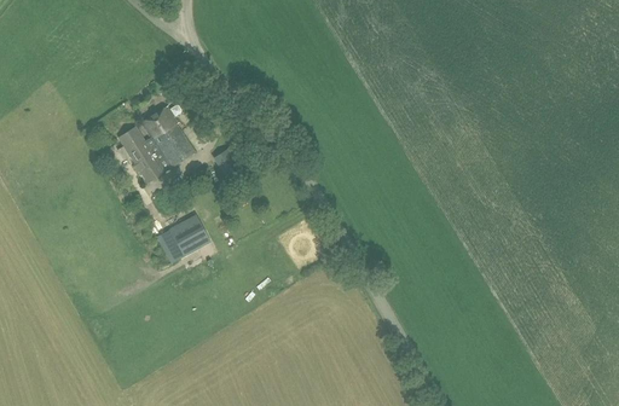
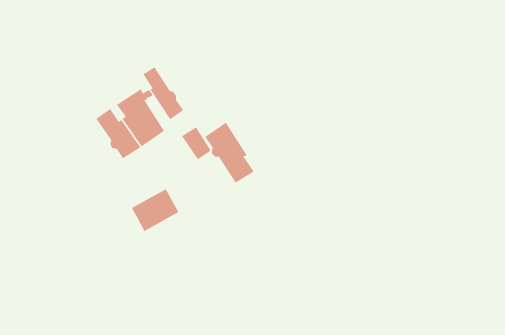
building: none -> [142,66,184,120]
building: none -> [204,122,254,184]

